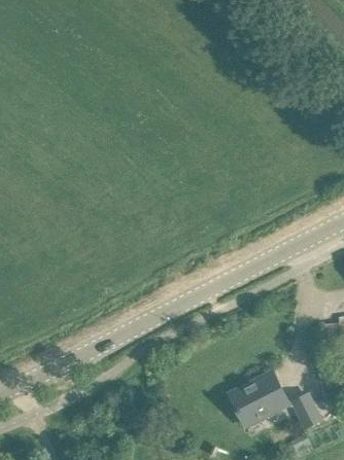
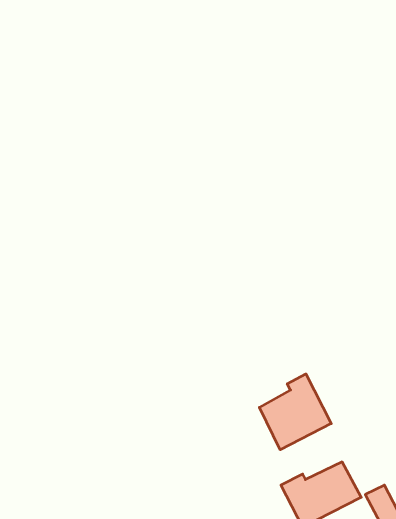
building: none -> [259,374,331,450]

